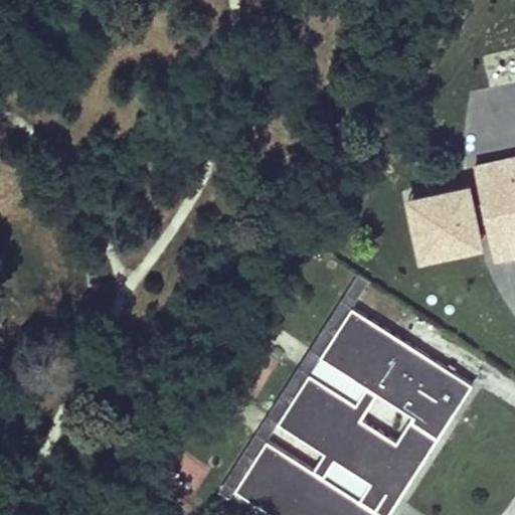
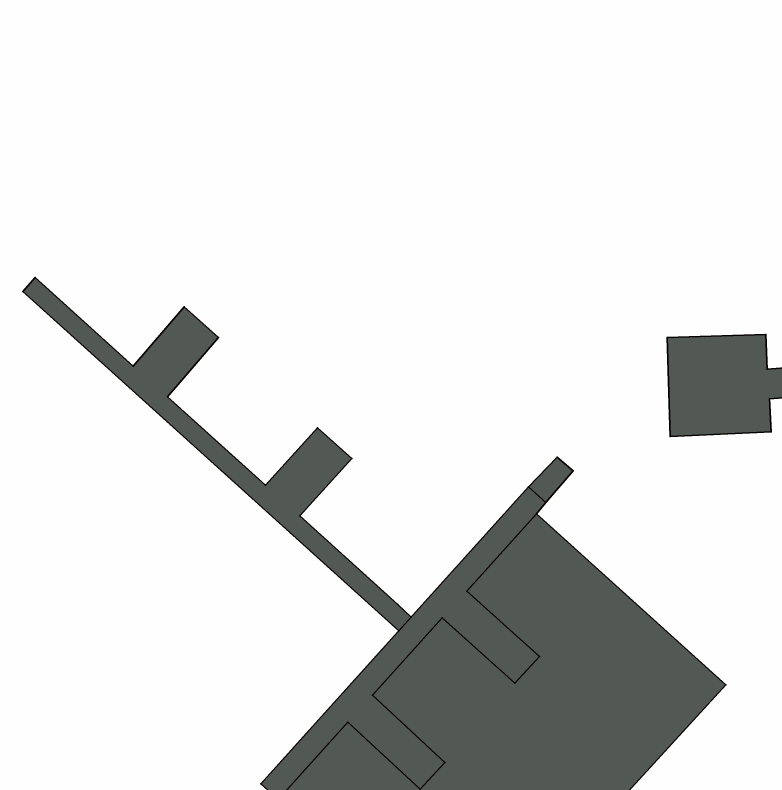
building: none -> [23,278,411,631]

